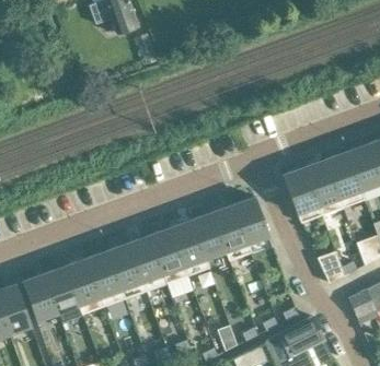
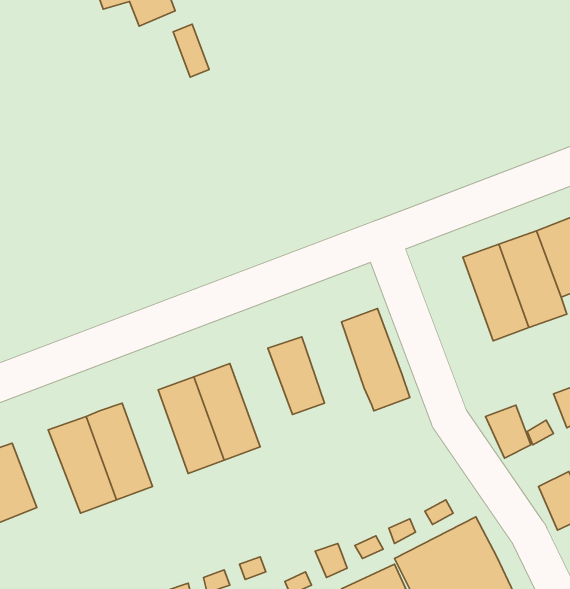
building: [283,166,322,222] -> none
building: [211,203,252,260] -> none
building: [170,219,209,275] -> none
building: [107,243,146,298] -> none
building: [44,265,83,321] -> none

